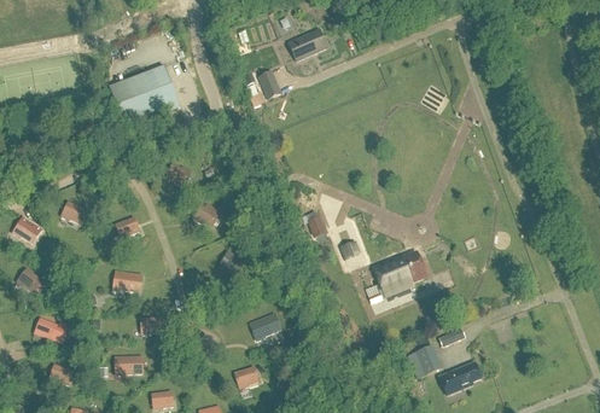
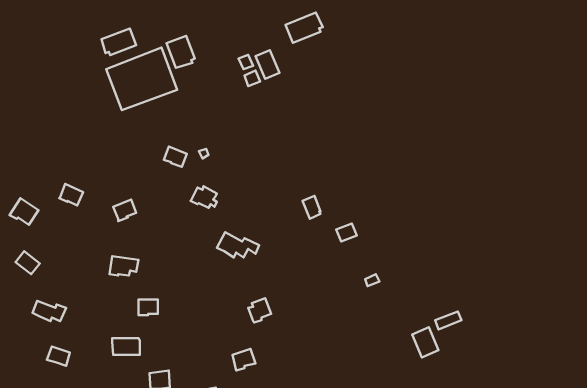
building: none -> [102,29,136,55]
building: none -> [167,36,195,68]
building: [373,250,426,295] -> none
building: [439,361,480,394] -> none

